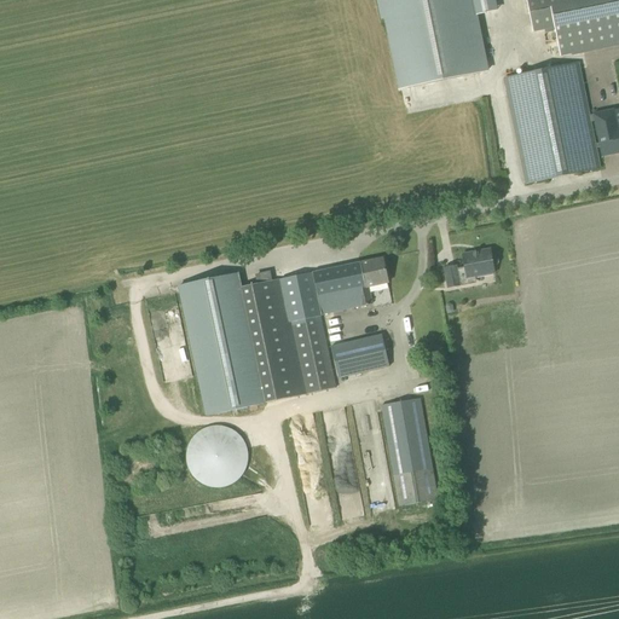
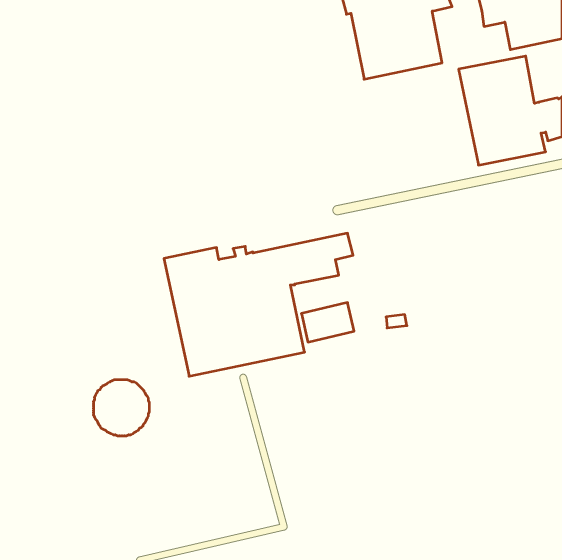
building: [444,247,498,285] -> none
building: [381,397,438,504] -> none
building: [186,424,248,486] -> [93,380,149,436]

